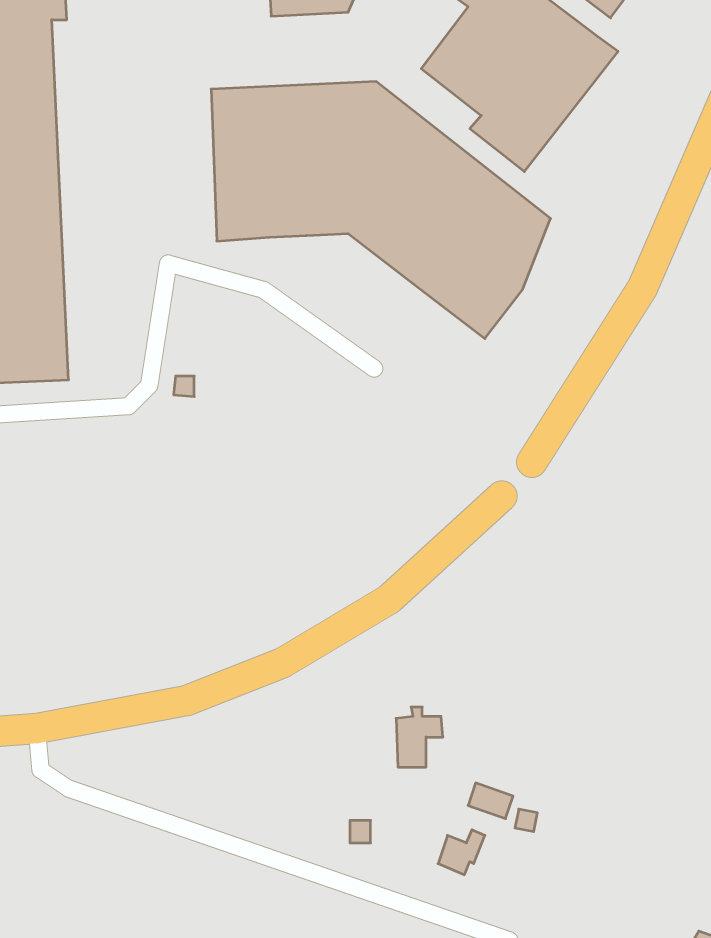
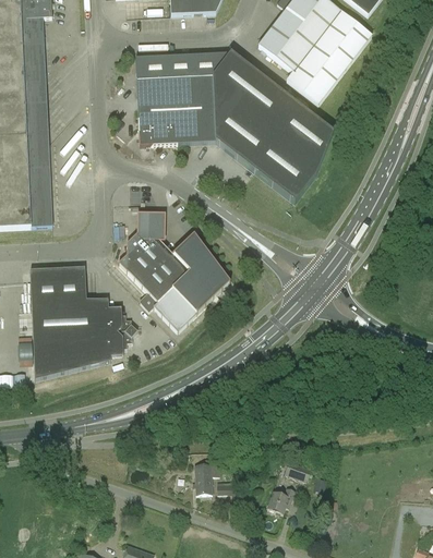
building: none -> [128,211,231,331]
building: none -> [31,265,139,377]
building: [396,707,443,767] -> [195,457,222,492]

